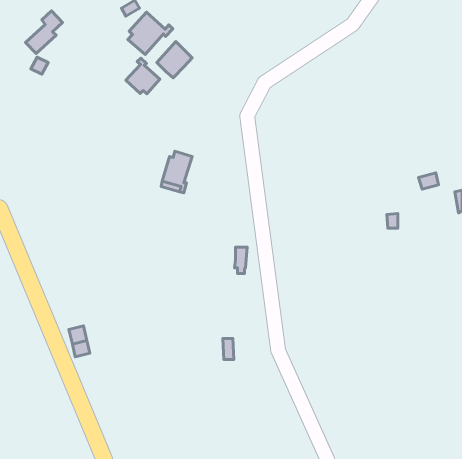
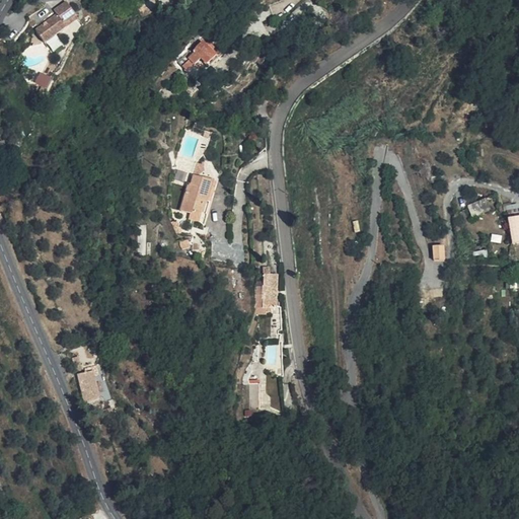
building: [128,12,173,55] -> none
building: [126,58,160,94] -> none

